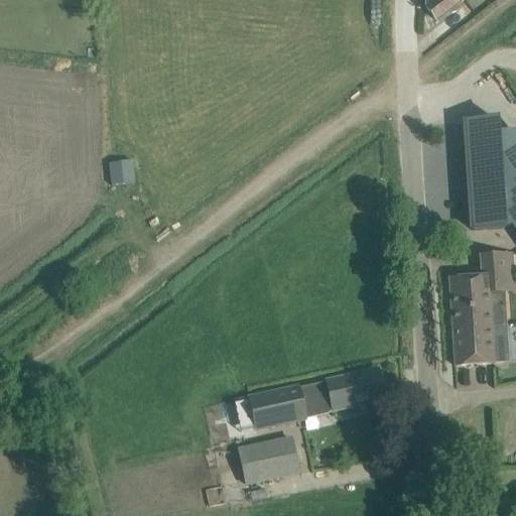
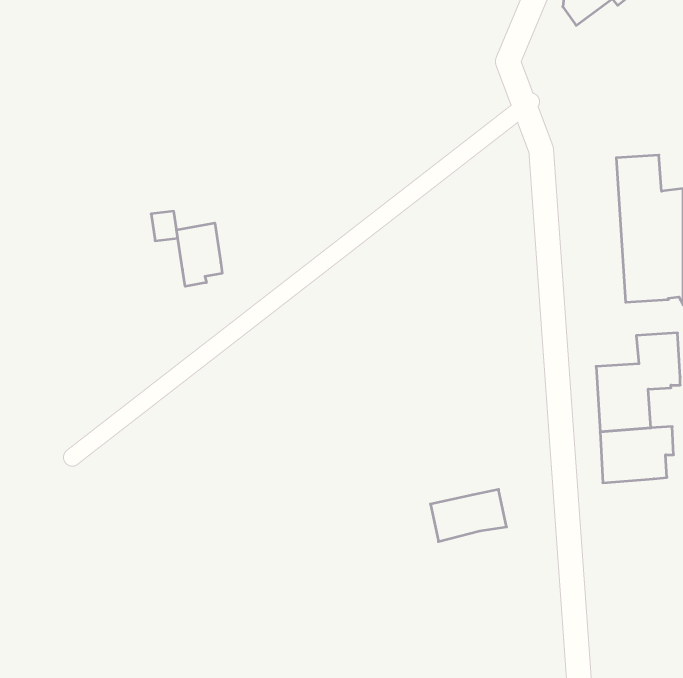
building: none -> [177,223,222,286]
building: [247,380,331,429] -> none
building: [239,436,297,482] -> none

